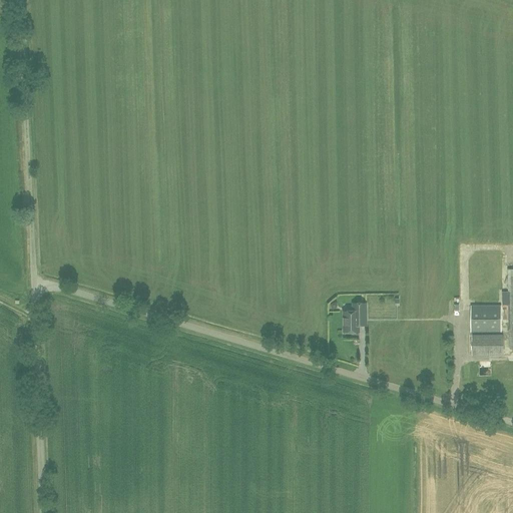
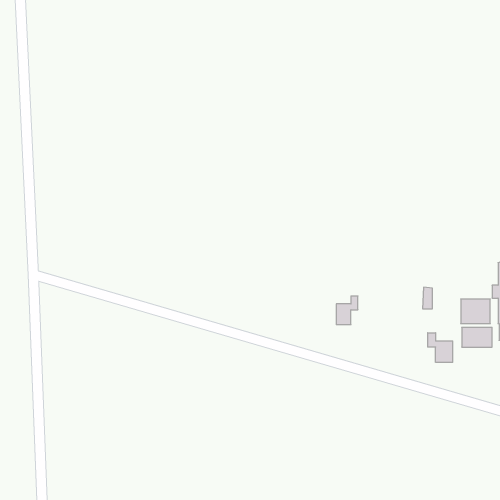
building: none -> [428,333,453,362]

